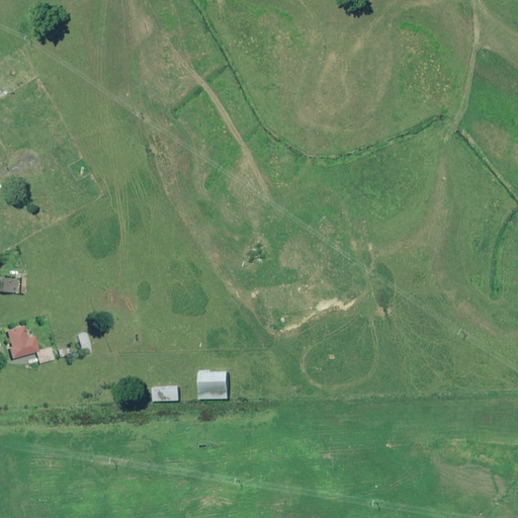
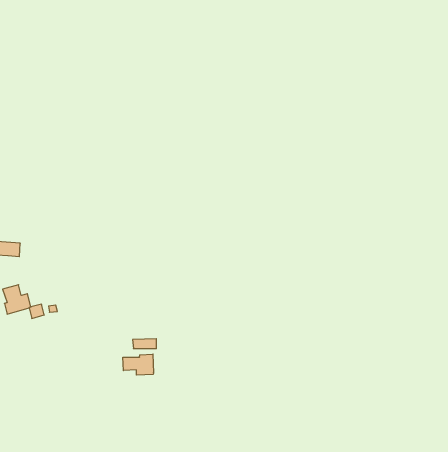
building: [198,371,228,395] -> none
building: none -> [123,354,153,375]

